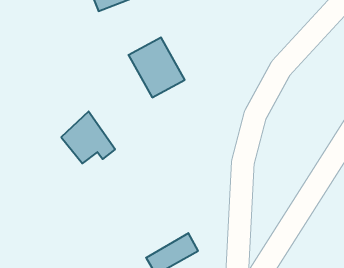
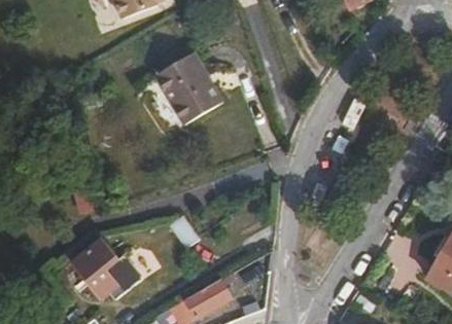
building: [61,111,115,163] -> [72,232,135,293]

